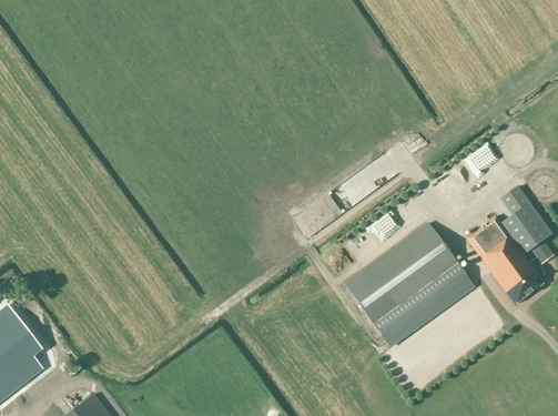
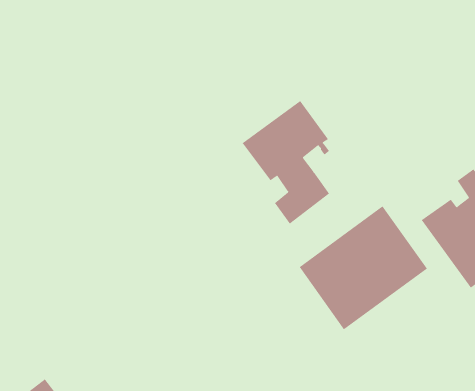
building: none -> [242,100,330,225]

